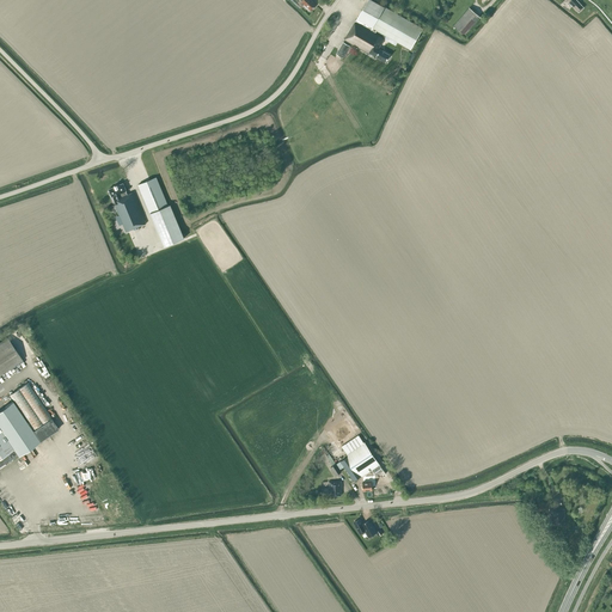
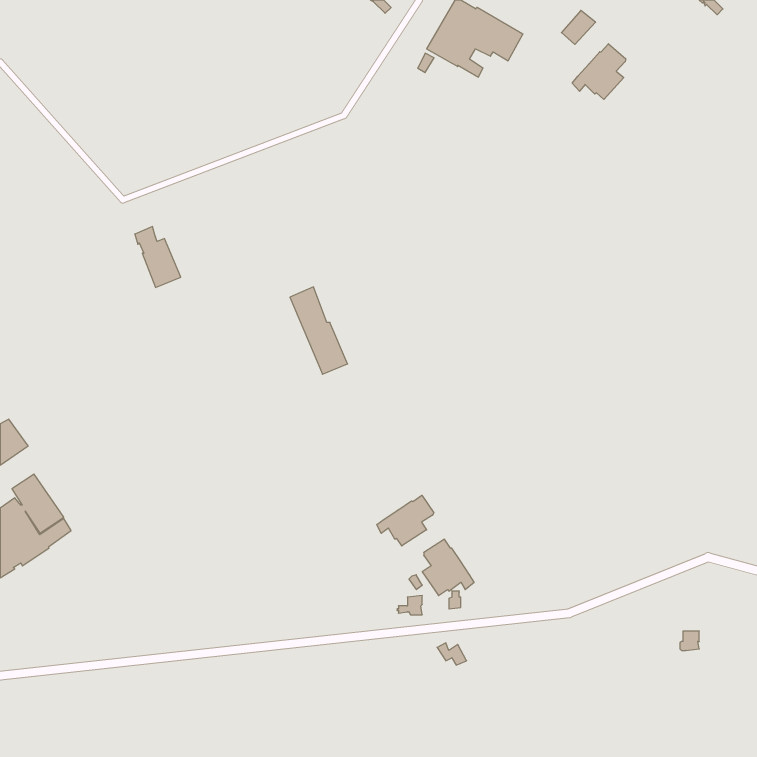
building: none -> [572,44,626,99]
building: [137,177,184,247] -> [290,287,348,374]
building: none -> [377,495,434,546]

